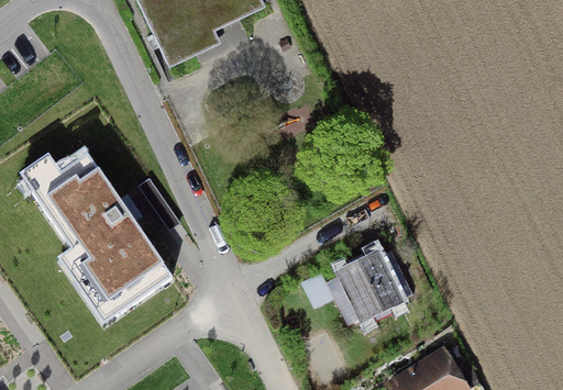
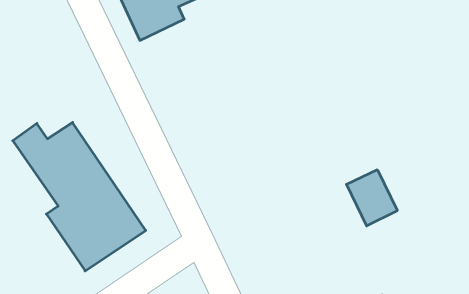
building: [341,256,399,320] -> [346,170,397,226]

